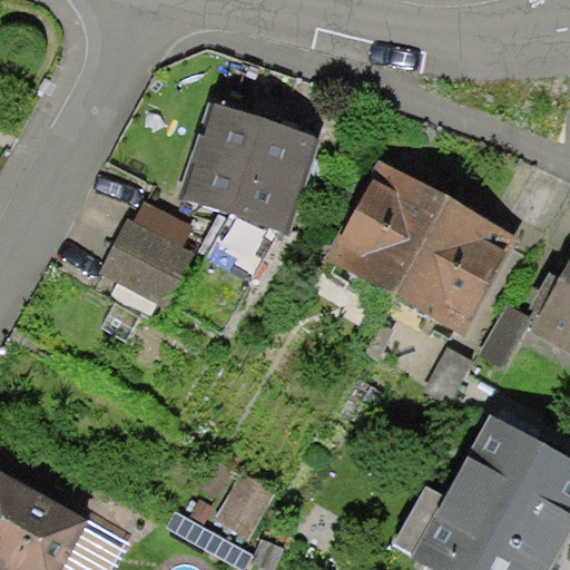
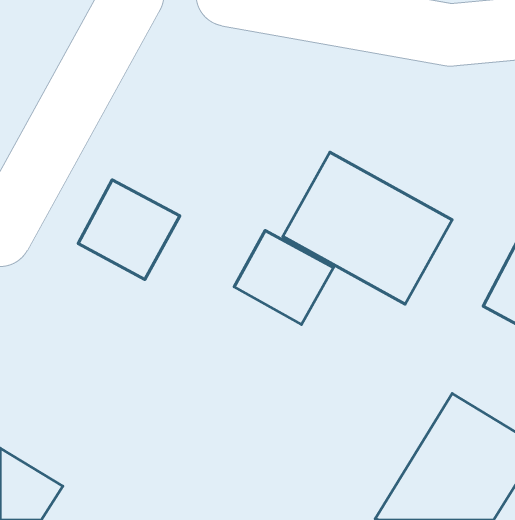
building: [187,108,320,230] -> none
building: none -> [234,230,333,324]

